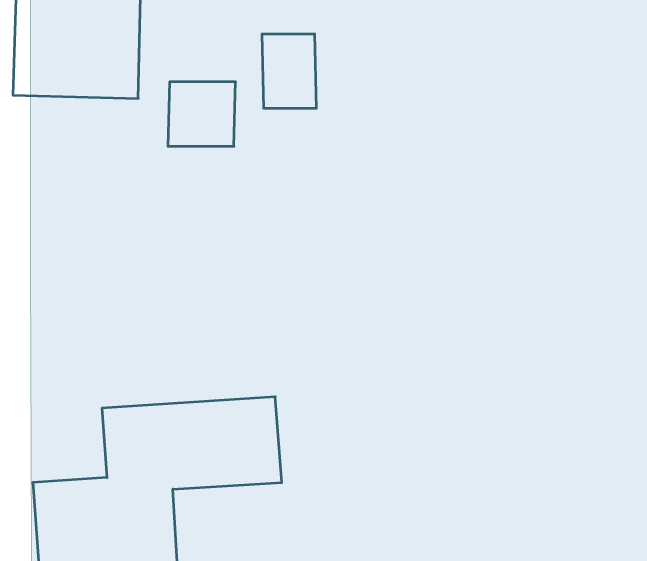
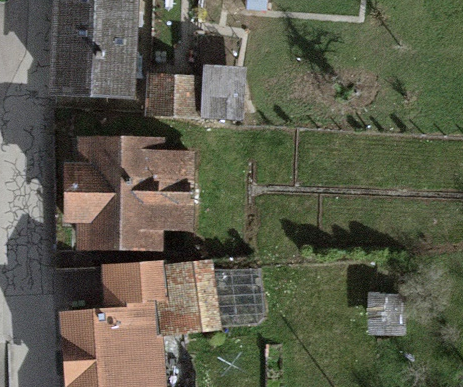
building: none -> [68,140,176,238]

